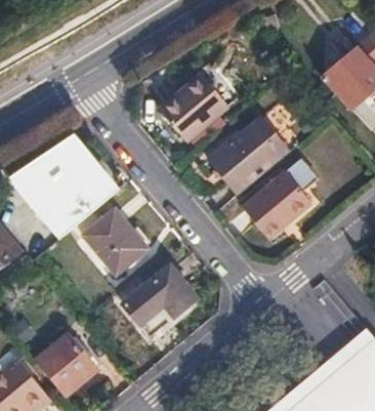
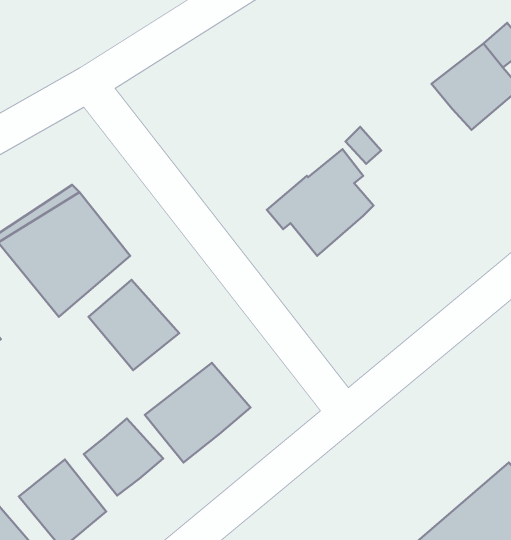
building: [159,75,227,140] -> none
building: [253,149,328,229] -> none
building: none -> [84,418,163,495]

